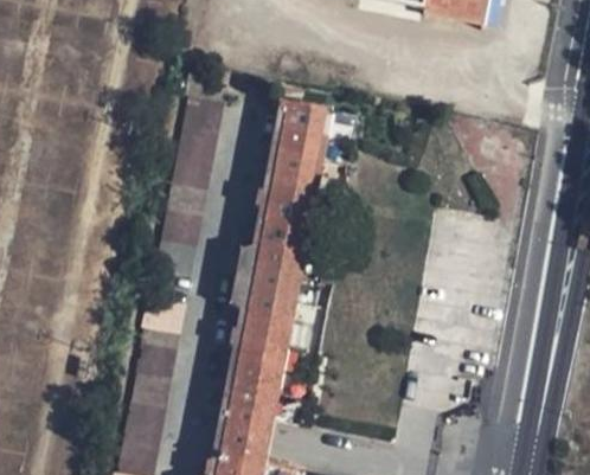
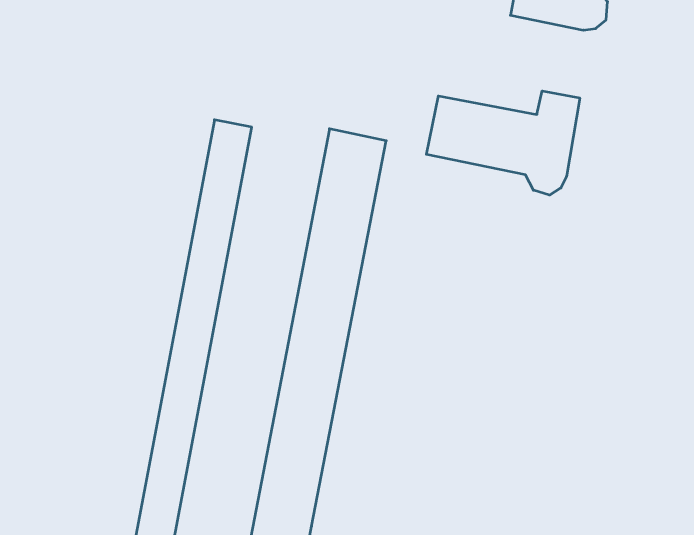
building: none -> [426,91,580,195]

